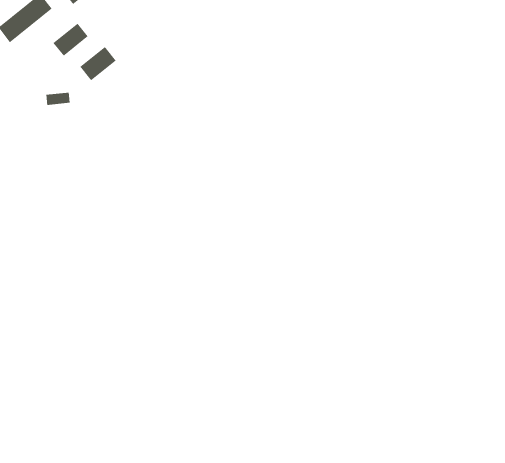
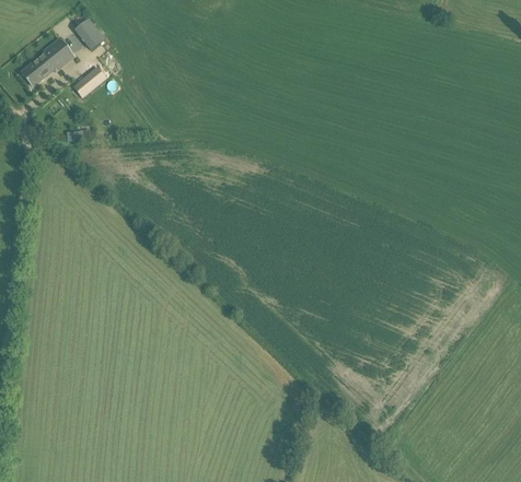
building: [79,46,116,81] -> none

